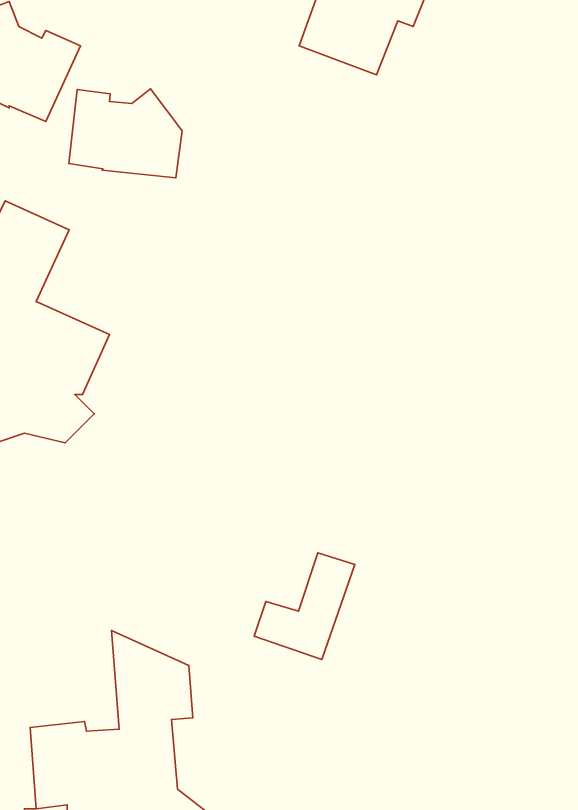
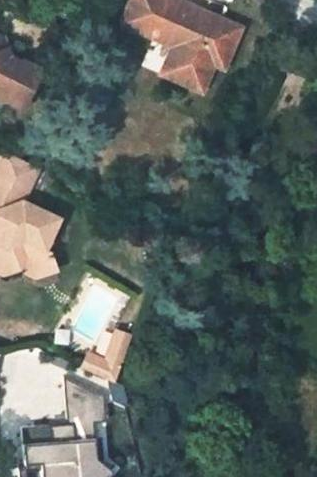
building: [69,89,182,178] -> none
building: [254,553,355,659] -> [85,325,137,380]

